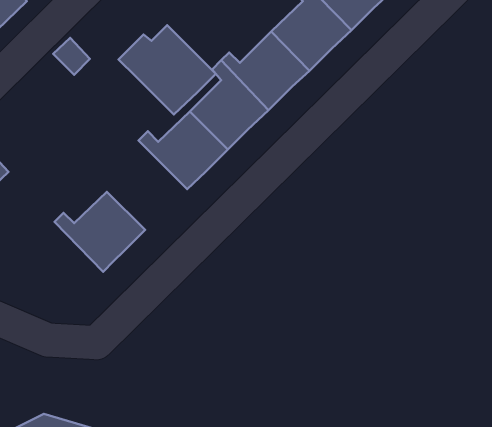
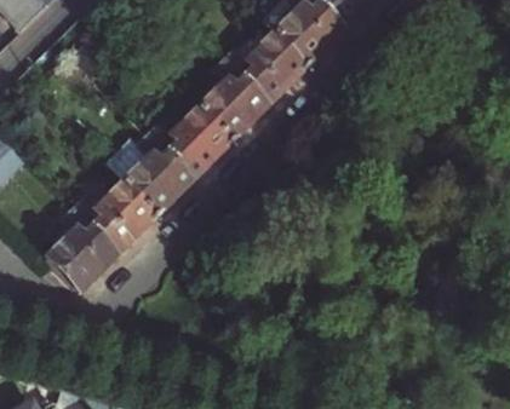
building: [119,25,216,115] -> [104,131,194,213]
building: none -> [44,206,116,288]

